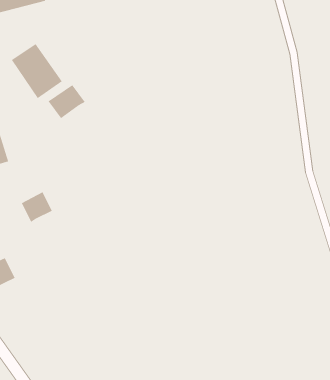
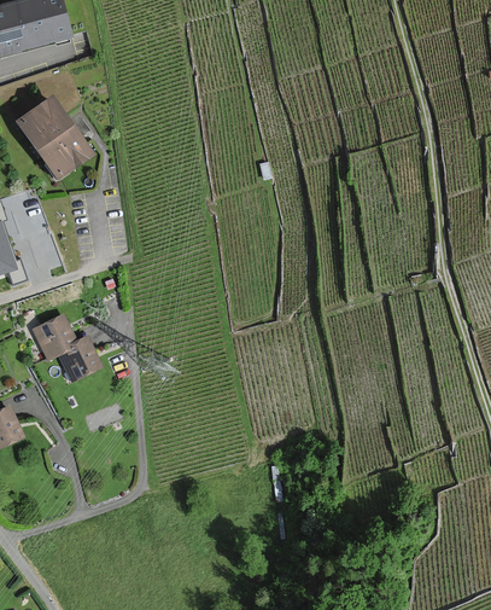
building: [48,84,86,119] -> none
building: none -> [53,337,101,383]

